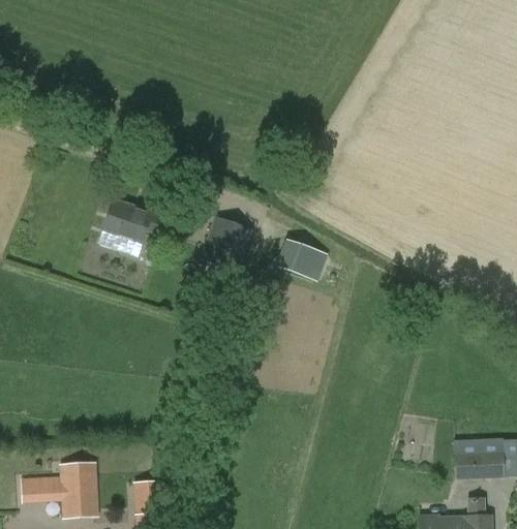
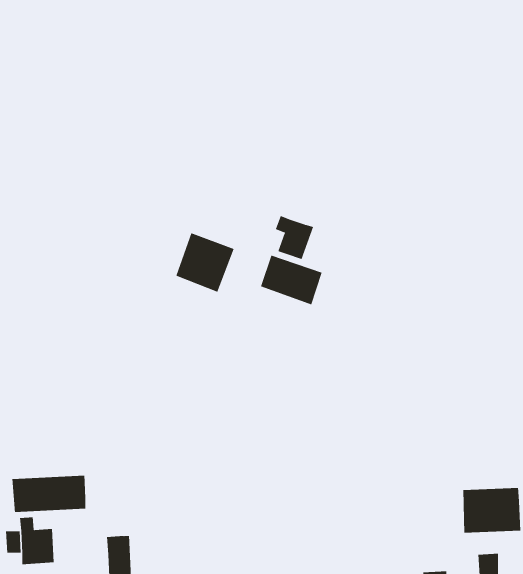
building: none -> [269,215,314,260]
building: [100,201,171,256] -> none
building: none -> [12,475,86,513]

